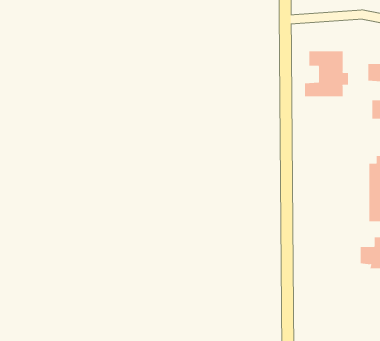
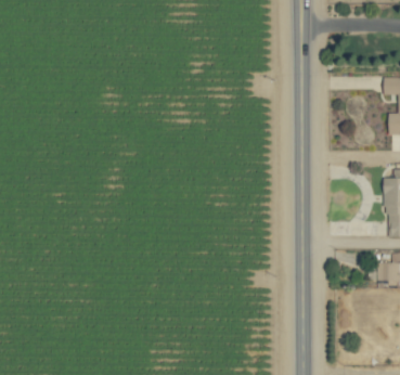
building: [304,51,348,97] -> none

